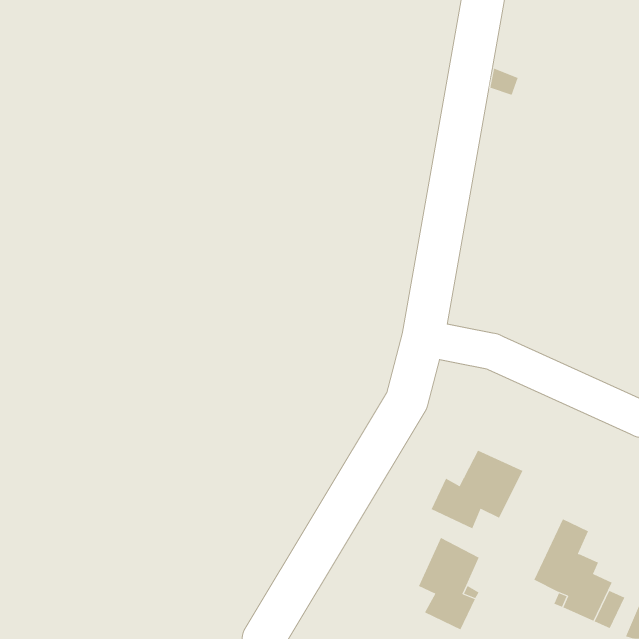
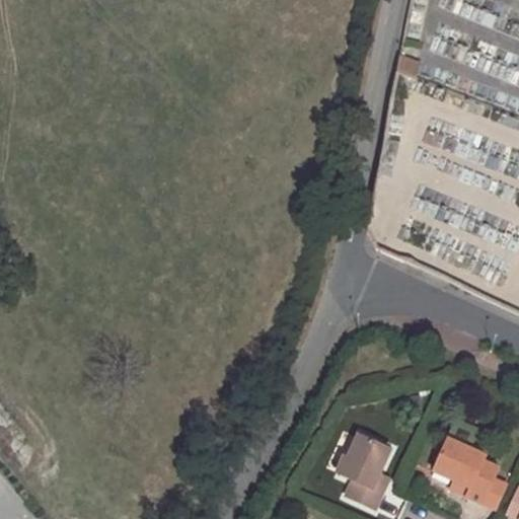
building: [431,450,523,529] -> none

